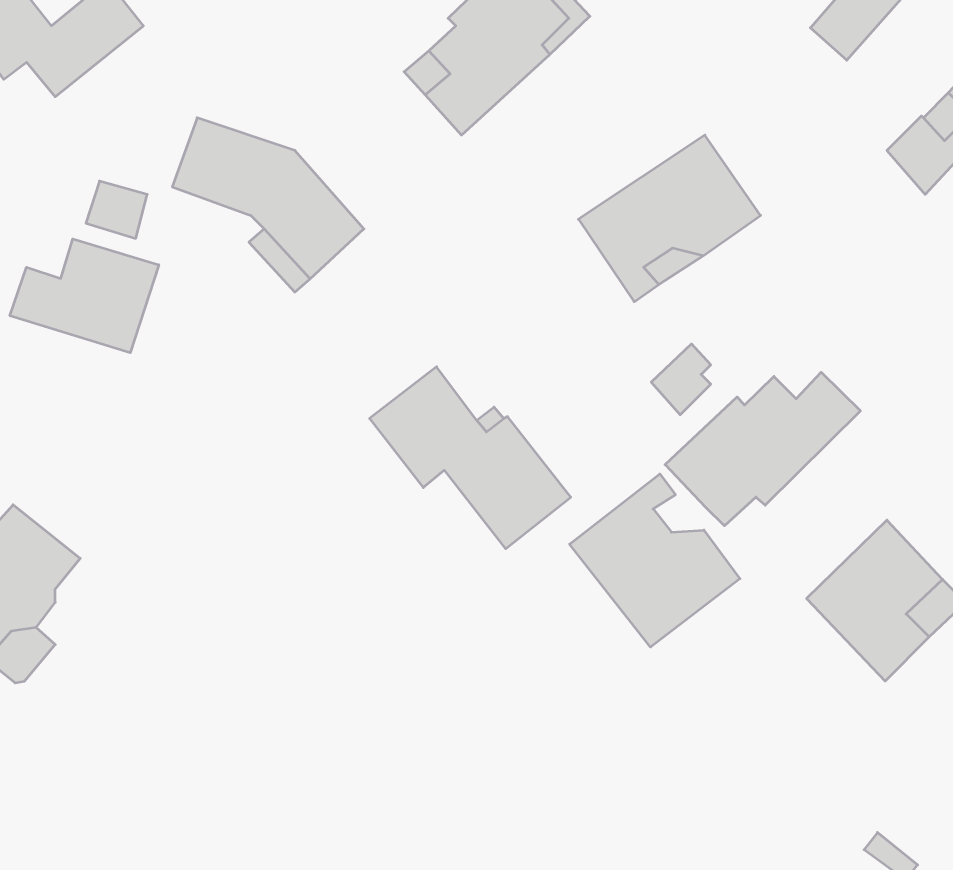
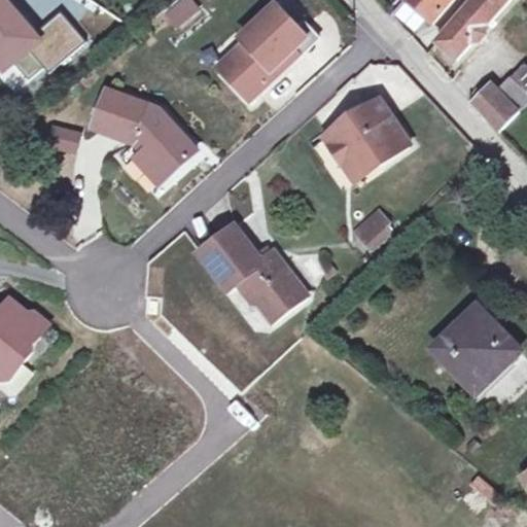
building: [10,239,159,353] -> none
building: [665,372,860,526] -> none
building: [570,474,740,647] -> none

